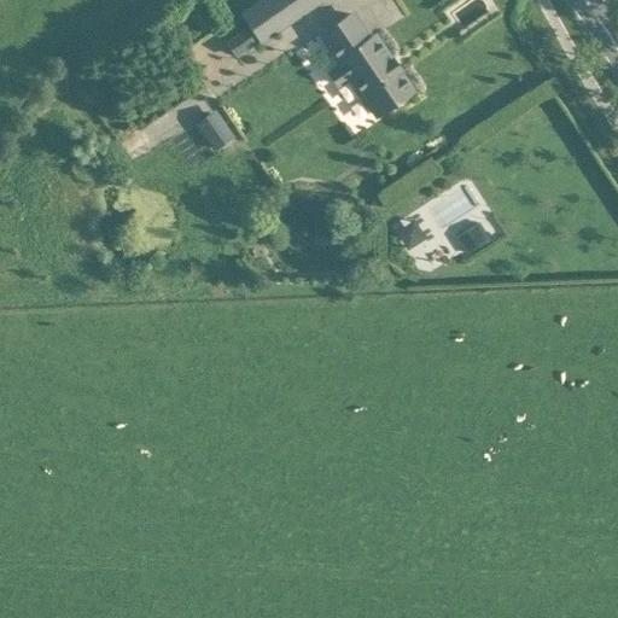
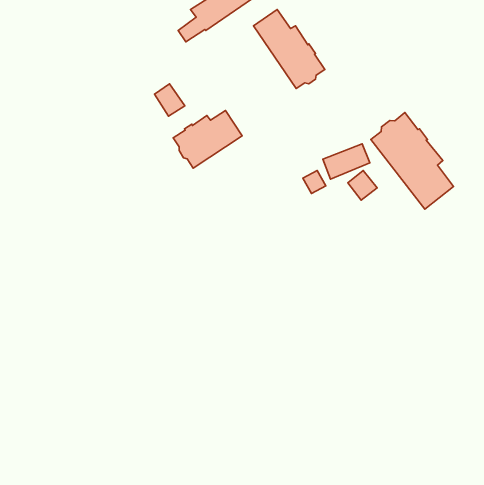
building: none -> [173,111,242,168]
building: none -> [371,113,454,209]

